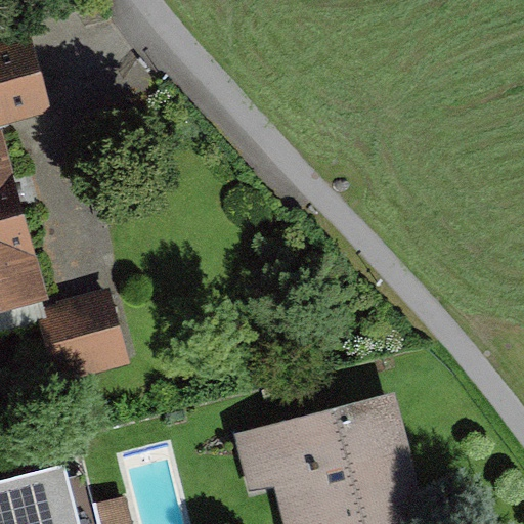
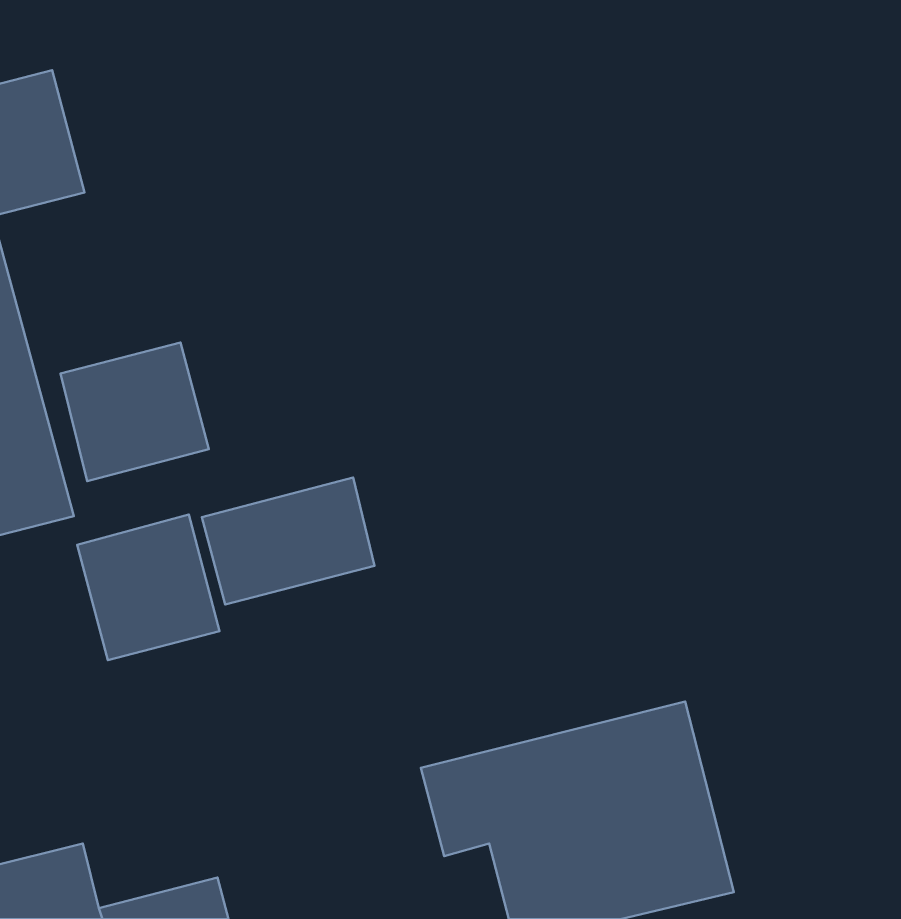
building: none -> [60,342,209,481]
building: none -> [202,477,375,604]

